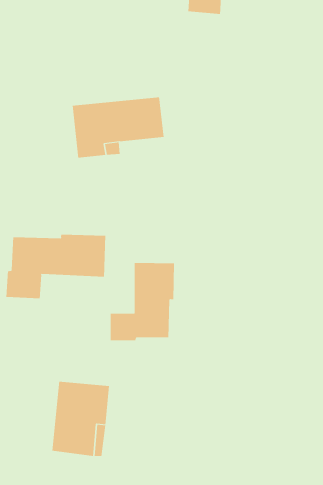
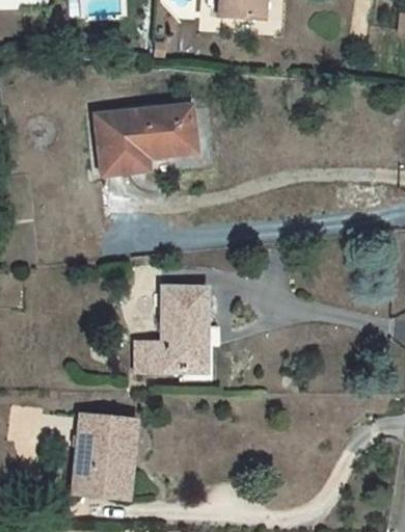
building: [6,234,106,299] -> none

